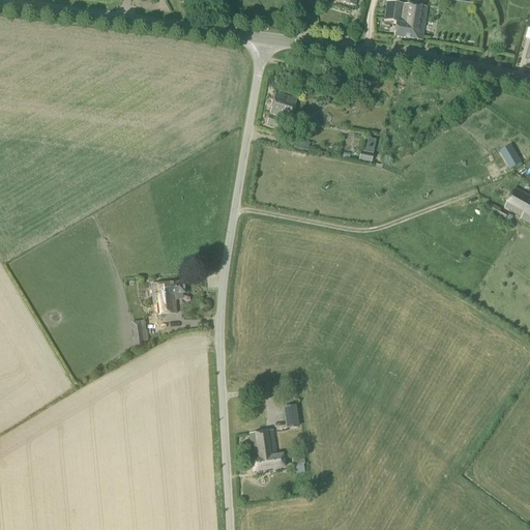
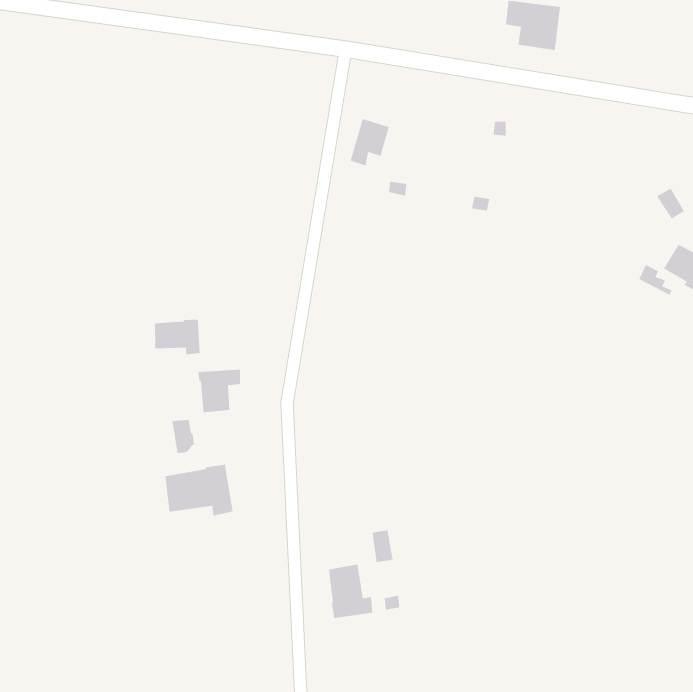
building: none -> [154,319,200,355]
building: none -> [165,464,233,516]

